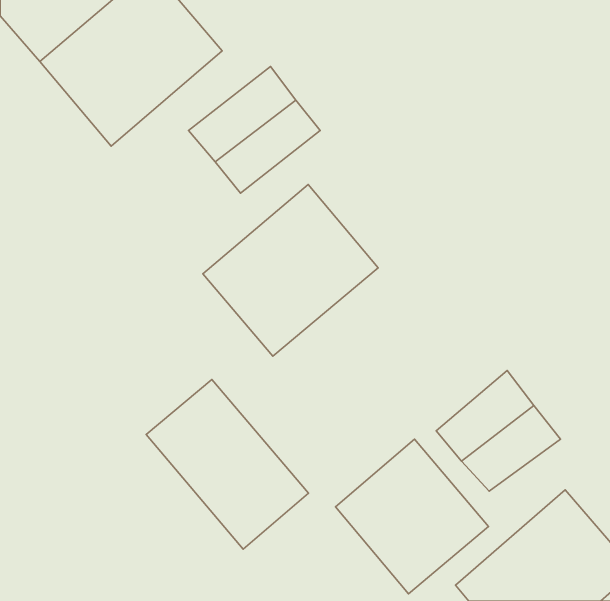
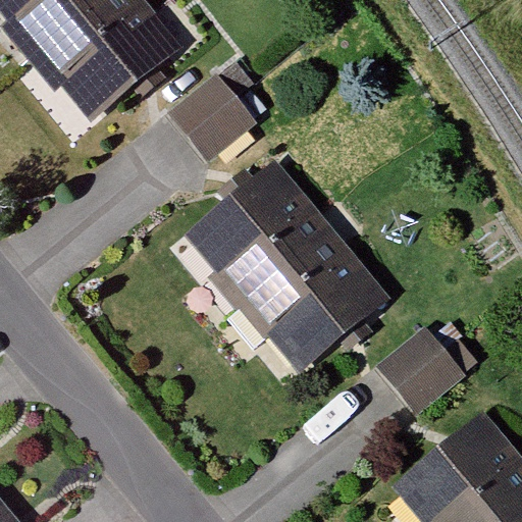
building: none -> [237,226,385,372]
building: [146,379,309,549] -> none
building: [336,439,489,594] -> none

